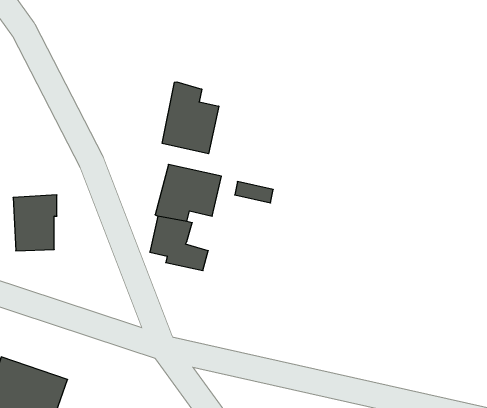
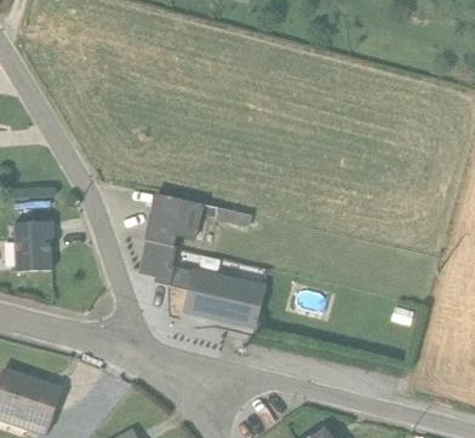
building: [162,82,219,154] -> none
building: none -> [181,266,267,327]

